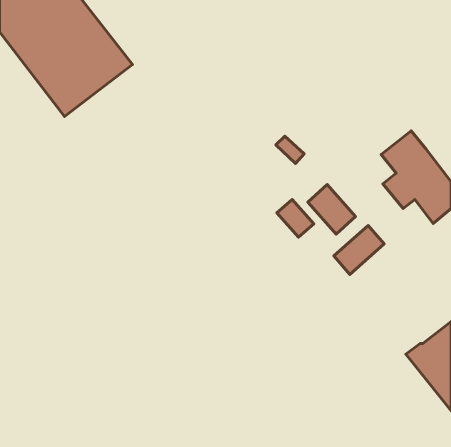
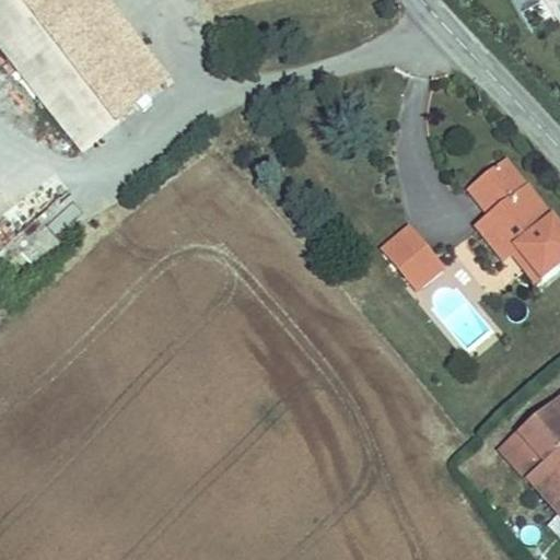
building: [277,199,314,237] -> none
building: [334,225,384,274] -> none

